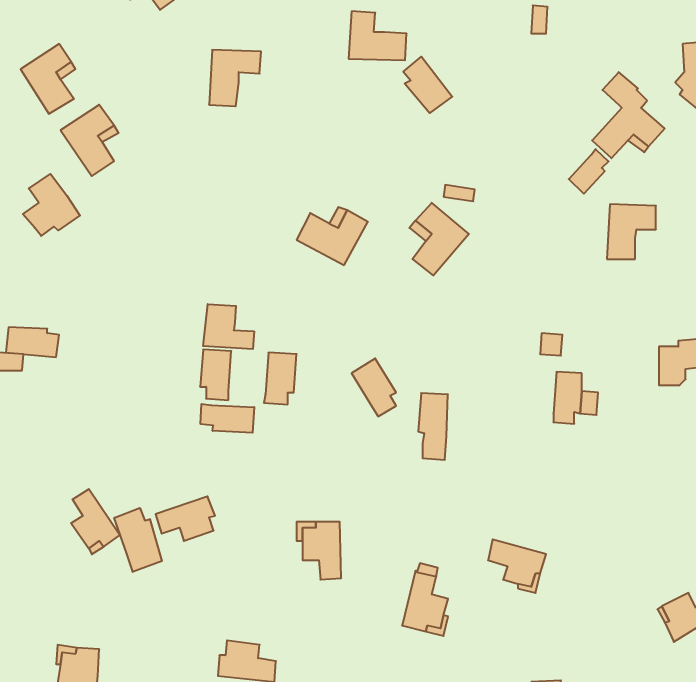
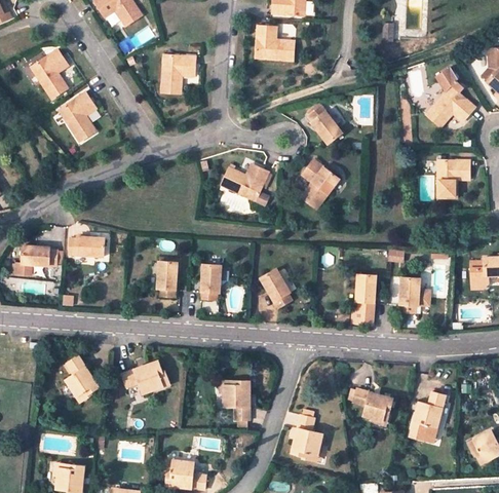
building: [403,57,452,113] -> [309,106,343,145]
building: [569,149,609,194] -> none
building: [23,174,80,236] -> none
building: [203,304,254,349] -> none
building: none -> [67,235,104,256]
building: [418,393,448,460] -> [353,273,374,319]
building: [201,404,254,433] -> none
building: [114,508,162,572] -> none
building: none -> [411,391,447,440]

